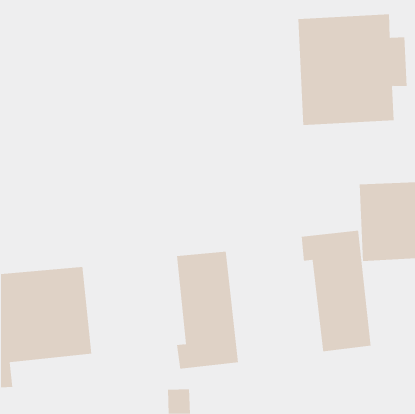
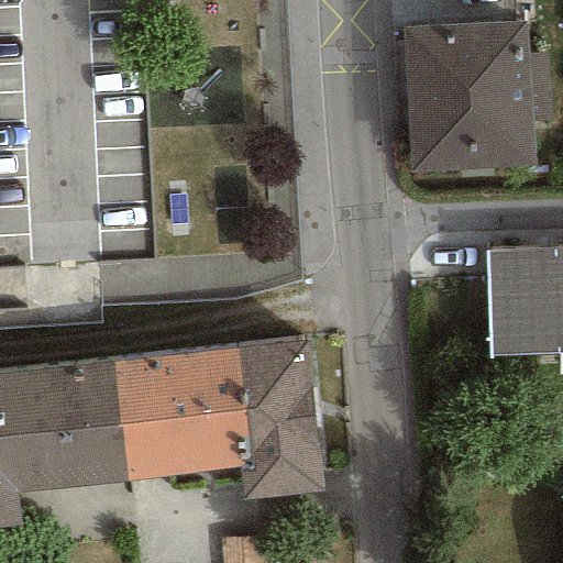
building: [301,230,371,352] -> none
building: none -> [114,345,252,477]

